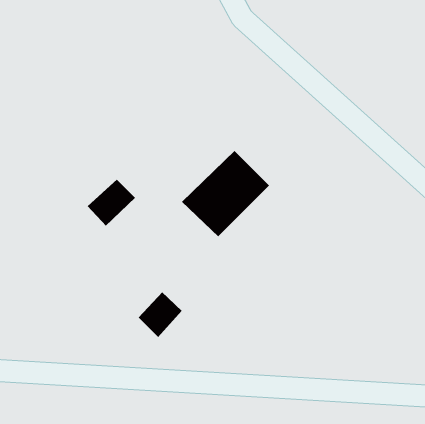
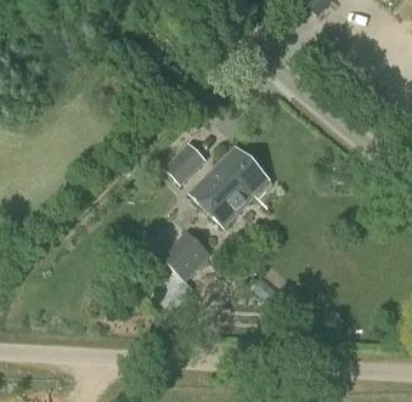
building: [87,179,136,227] -> [162,145,205,187]
building: none -> [162,228,210,278]

